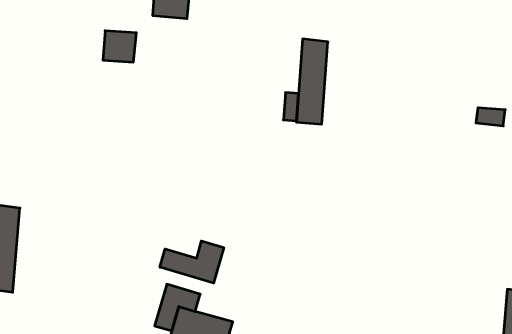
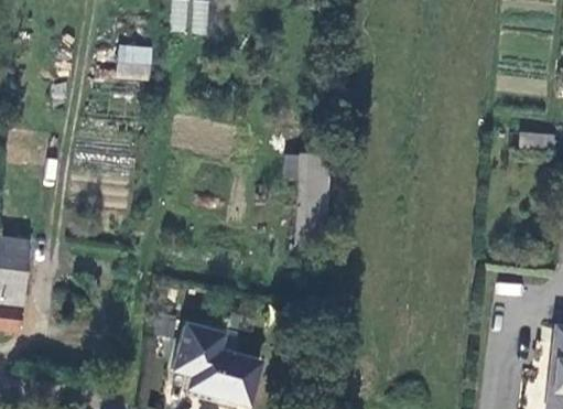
building: [296,39,328,124] -> [293,151,327,244]
building: [160,241,224,283] -> none

